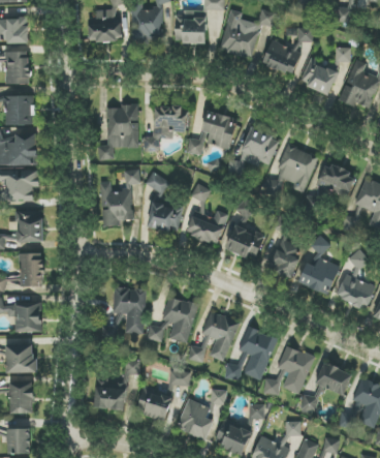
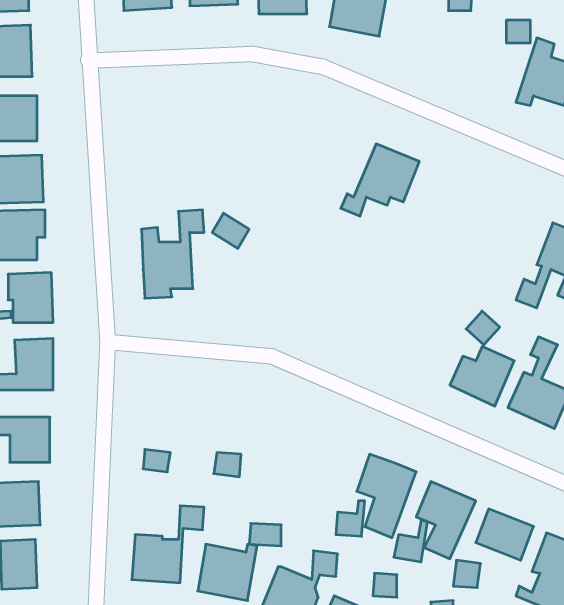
building: [262,41,302,74] -> none
building: [300,59,339,94] -> none
building: [98,105,138,160] -> none
building: [144,105,185,152] -> none
building: [185,111,238,155] -> none
building: [271,146,317,193] -> none
building: [317,162,355,195] -> none
building: [186,183,228,245] -> none
building: [149,205,181,231] -> none
building: [226,226,264,261] -> none
building: [268,239,299,277] -> none
building: [113,287,146,334] -> none
building: [162,297,197,343] -> none
building: [201,310,240,361] -> none

